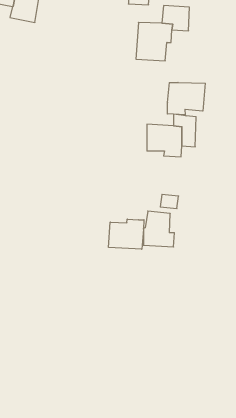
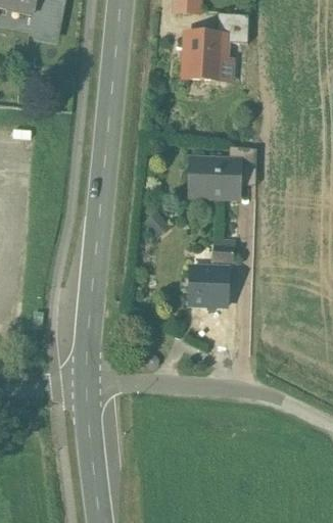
building: [167,82,205,115] -> none
building: [109,219,144,249] -> none

